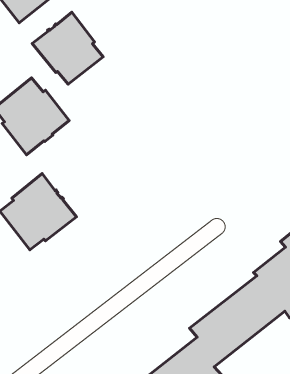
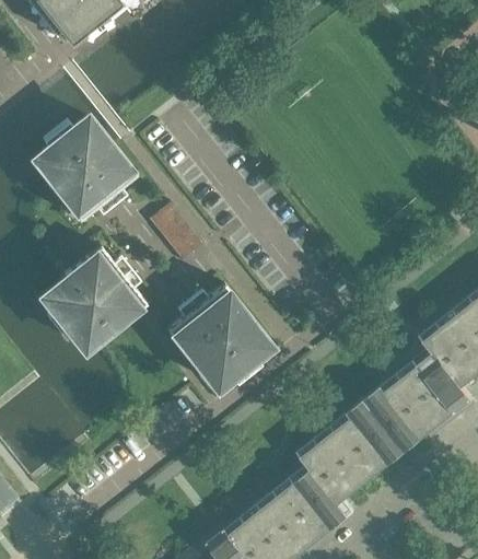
building: [32,12,103,84] -> none
building: none -> [167,287,268,389]

